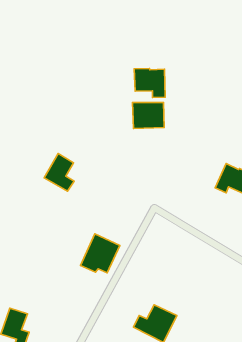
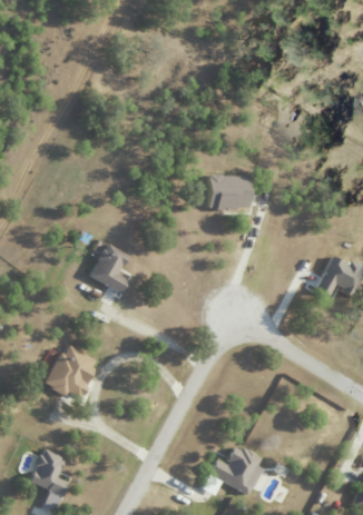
building: [134,69,165,98] -> none
building: [81,234,120,273] -> [45,345,97,397]

